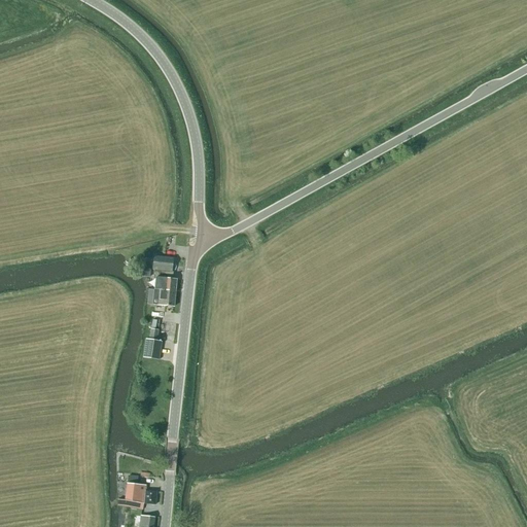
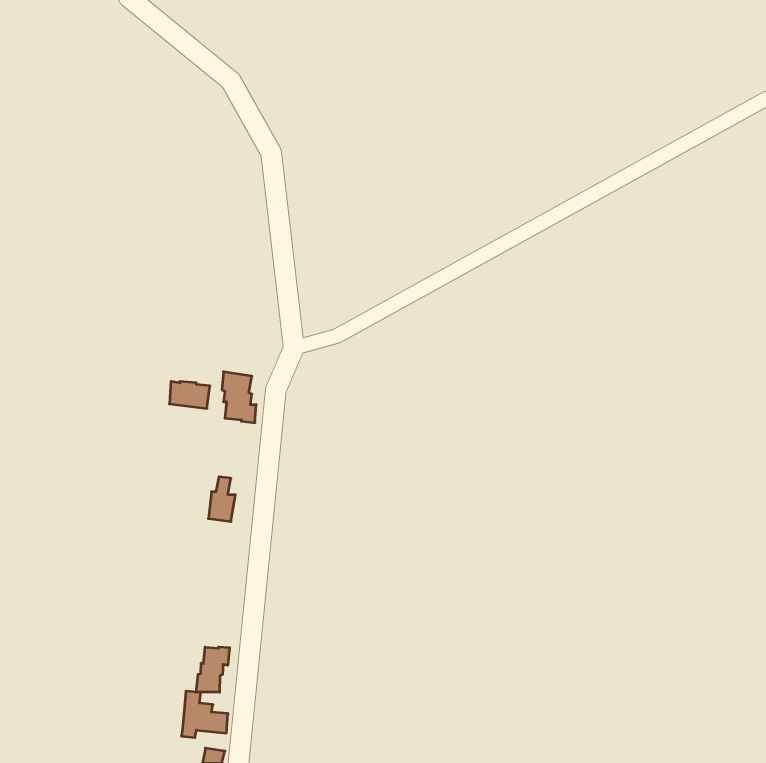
building: [147,287,175,306] -> [169,381,210,408]
building: none -> [196,647,230,692]

